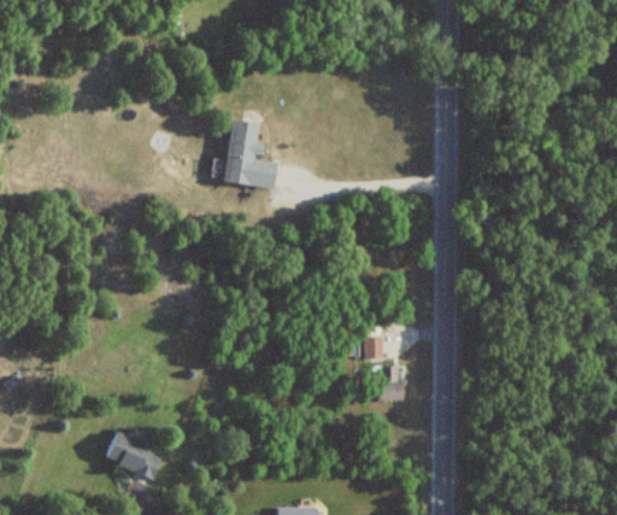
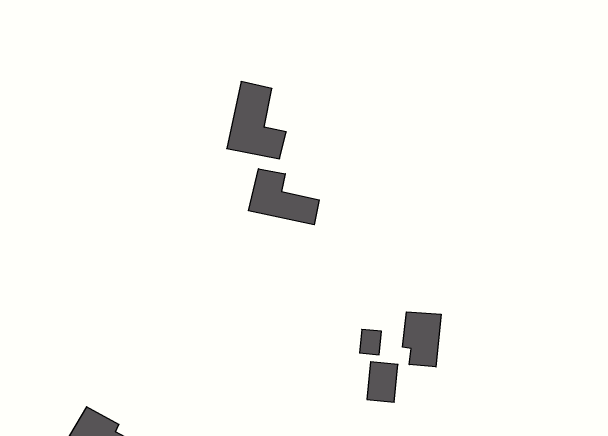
building: none -> [249,169,319,225]
building: none -> [403,312,441,367]

